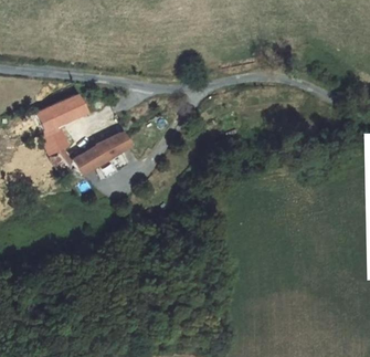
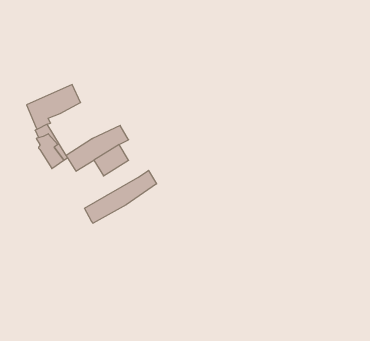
building: none -> [85,170,157,223]

